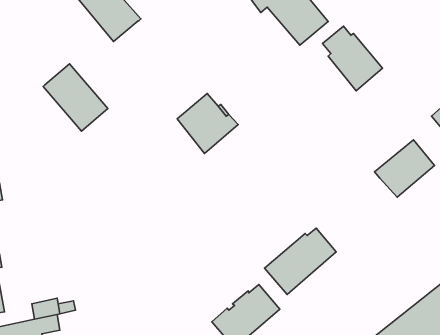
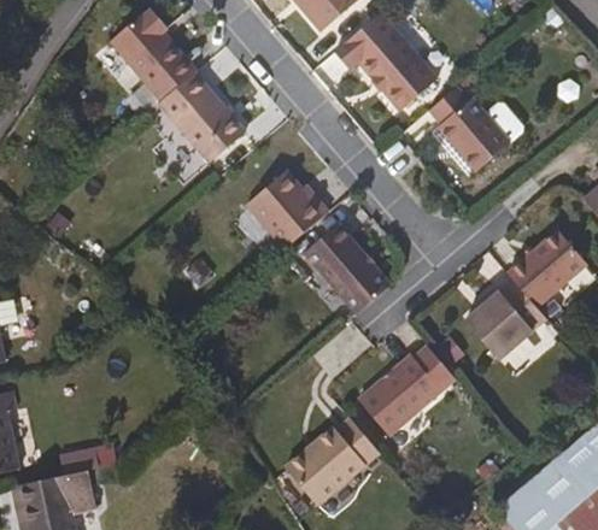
building: [43,64,108,131] -> [158,75,244,164]
building: none -> [301,225,388,316]
building: none -> [463,283,545,360]

